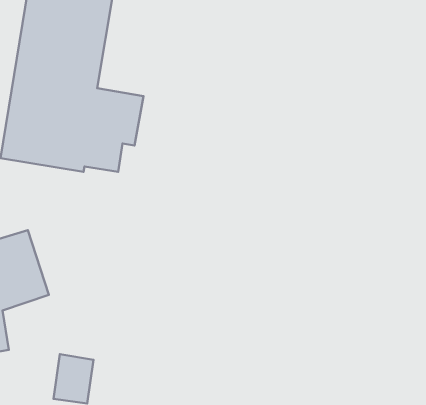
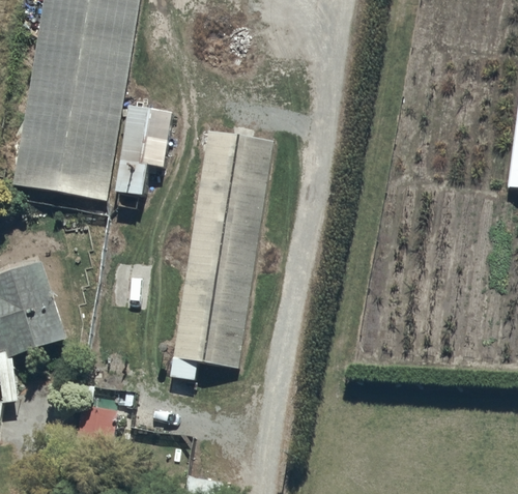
building: none -> [170,126,272,377]

